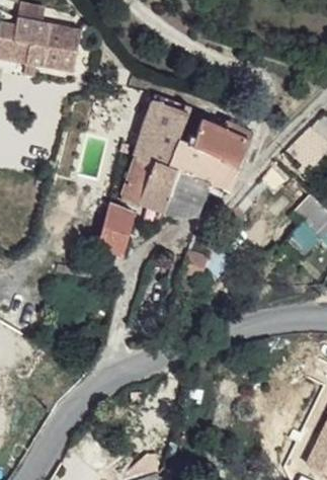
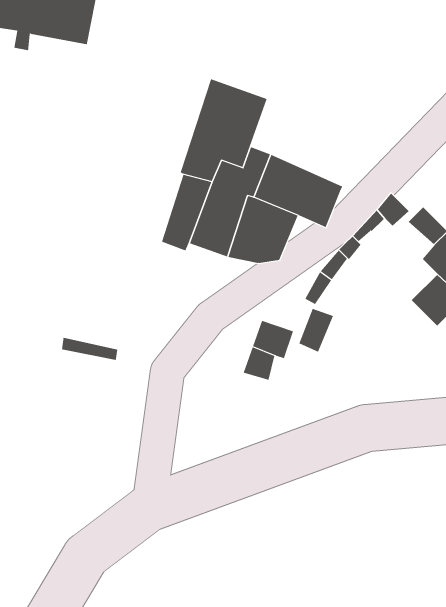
building: [192,118,253,167] -> none
building: [96,204,135,255] -> none

